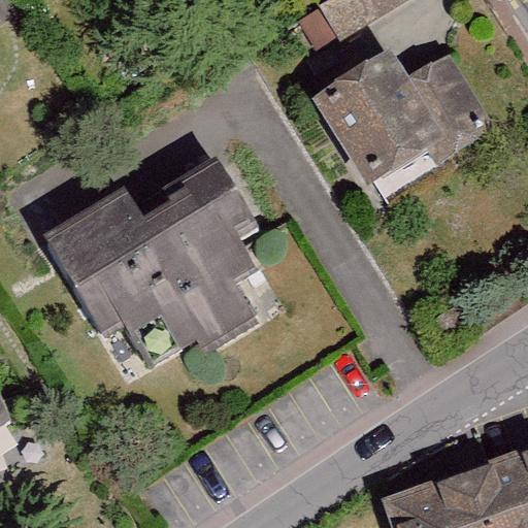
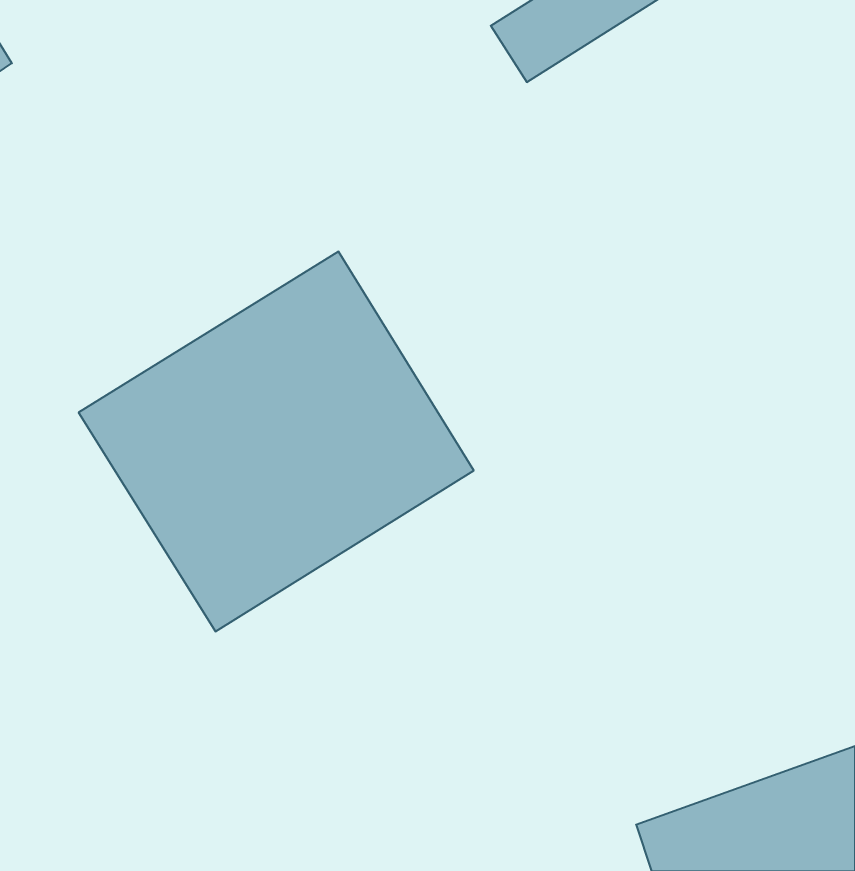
building: [315,27,499,205] -> none

